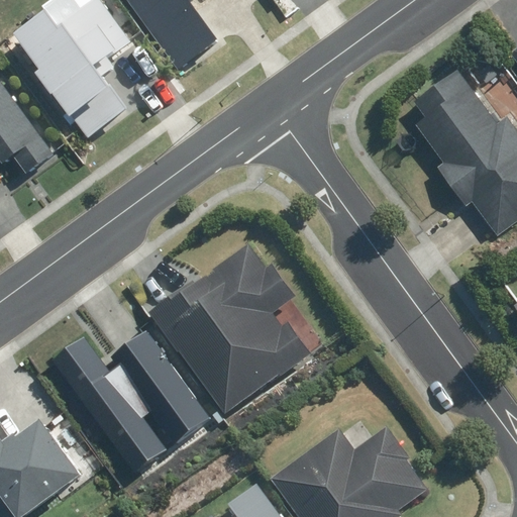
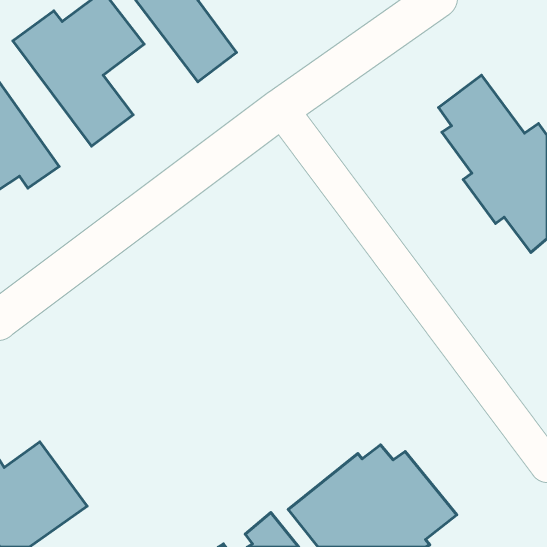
building: [150,238,310,414] -> none
building: [53,327,214,476] -> none

